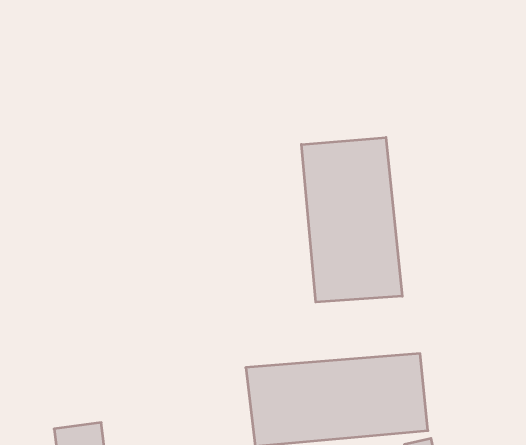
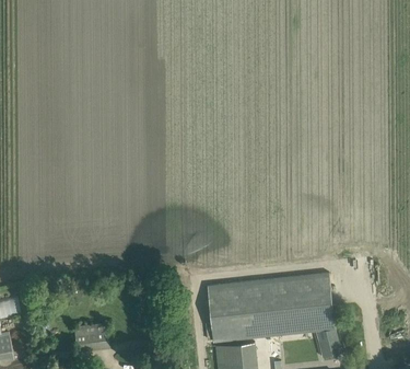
building: [301,137,402,302] -> none

